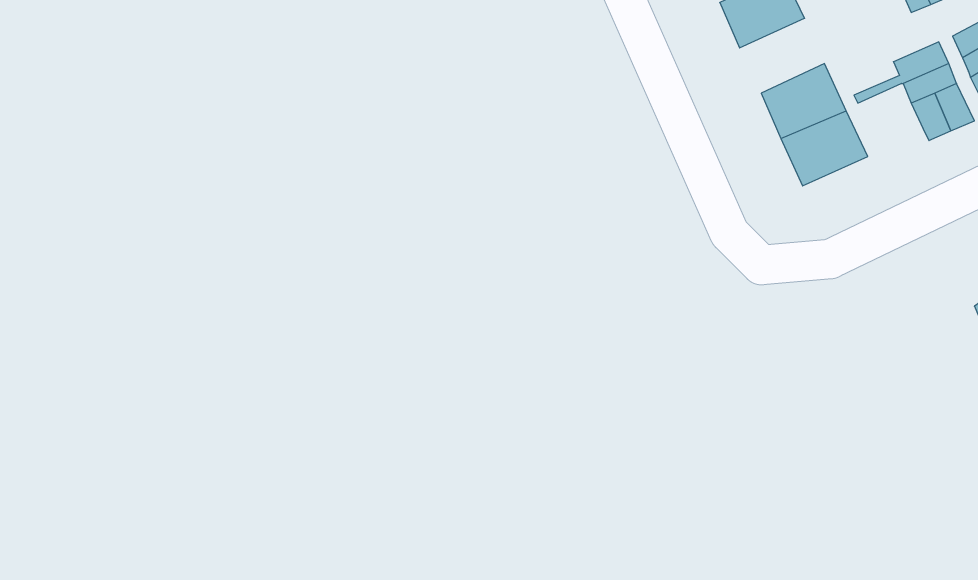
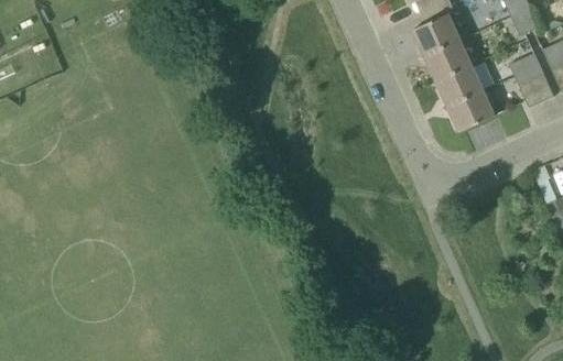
building: none -> [423,39,470,80]

